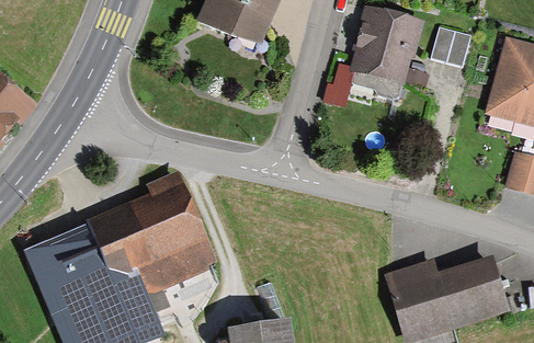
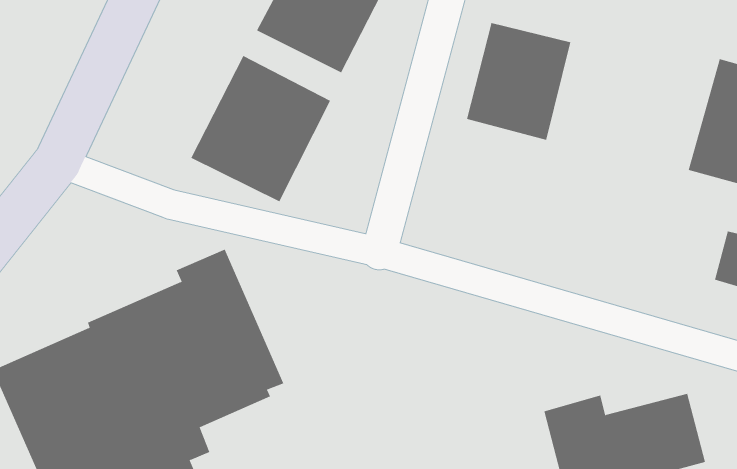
building: [431,26,470,66] -> none
building: none -> [191,55,331,202]

